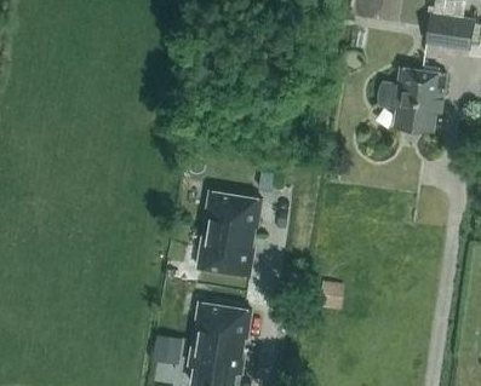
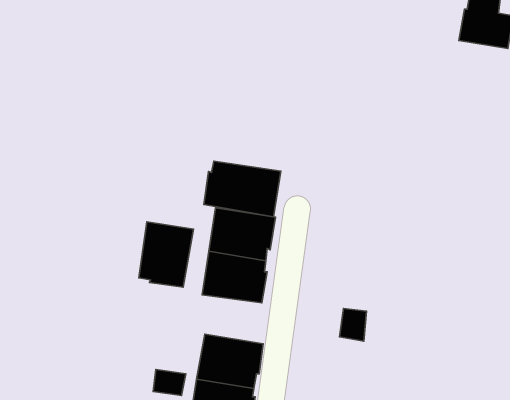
building: [378,68,446,132] -> none
building: none -> [204,161,281,217]
building: none -> [139,222,194,287]

